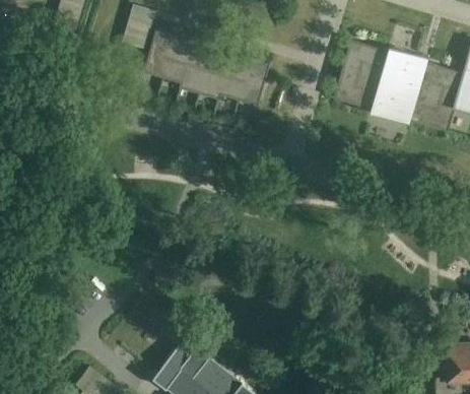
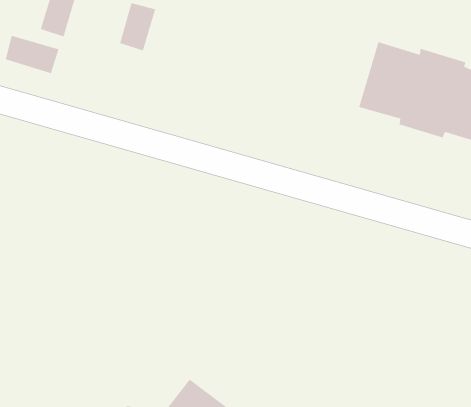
building: [142,28,269,105] -> none
building: none -> [5,35,60,74]

